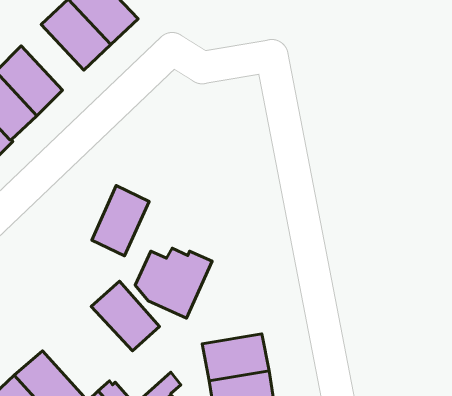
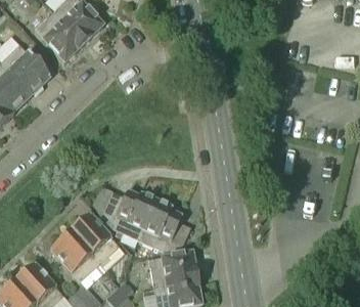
building: [92,186,149,256] -> none
building: none -> [138,200,190,252]
building: none -> [50,232,99,281]

